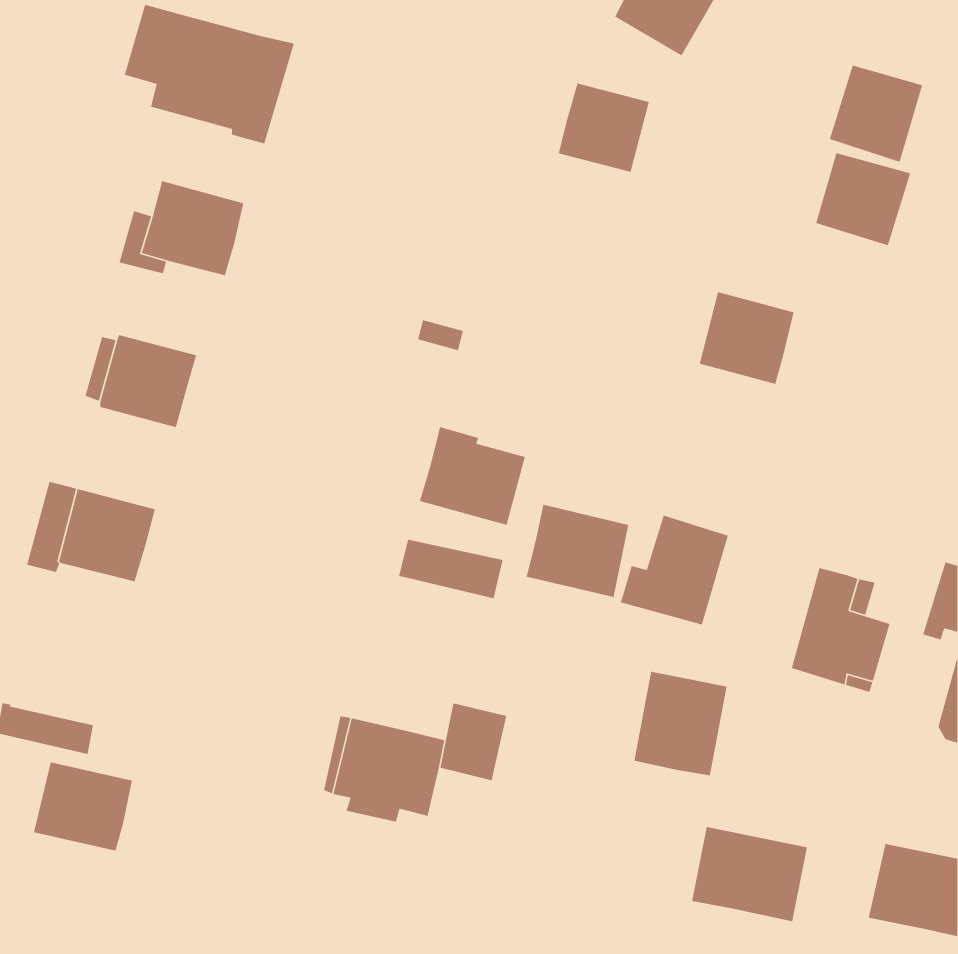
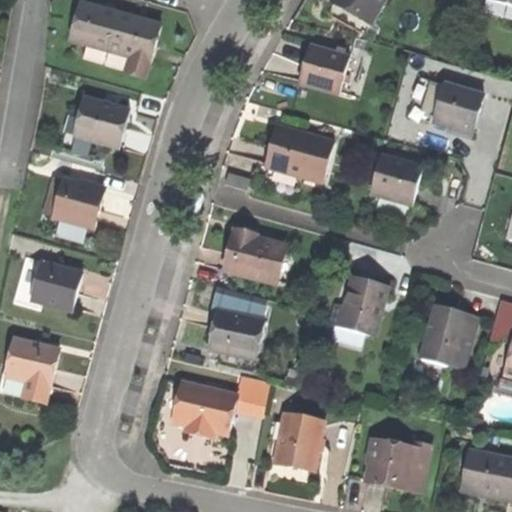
building: [829,64,923,163] -> none
building: none -> [263,123,332,180]
building: [526,504,629,598] -> [208,308,263,358]
building: [633,671,727,776] -> [274,413,324,469]
building: [33,761,133,852] -> [6,338,59,386]

